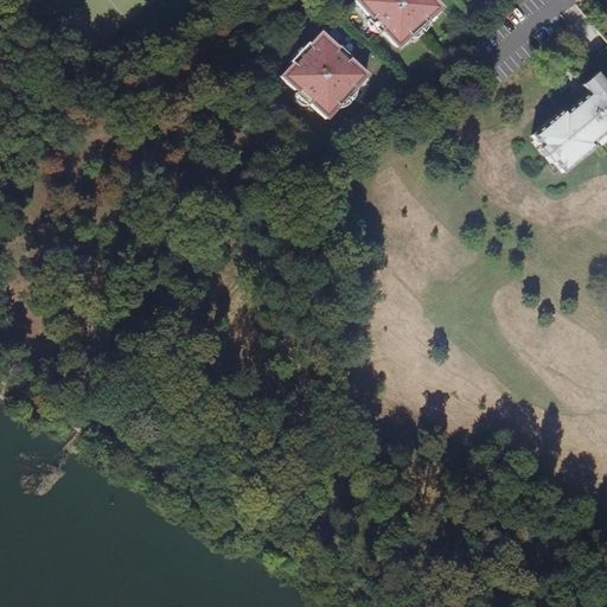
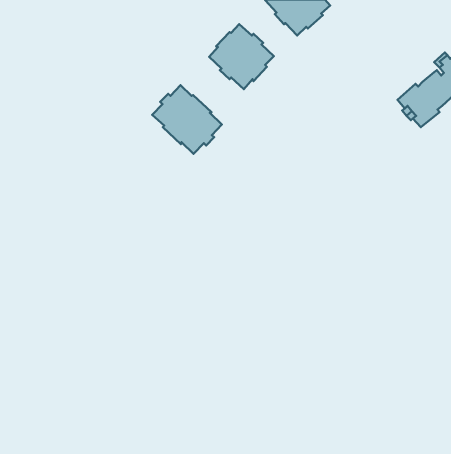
building: none -> [152,85,222,154]

